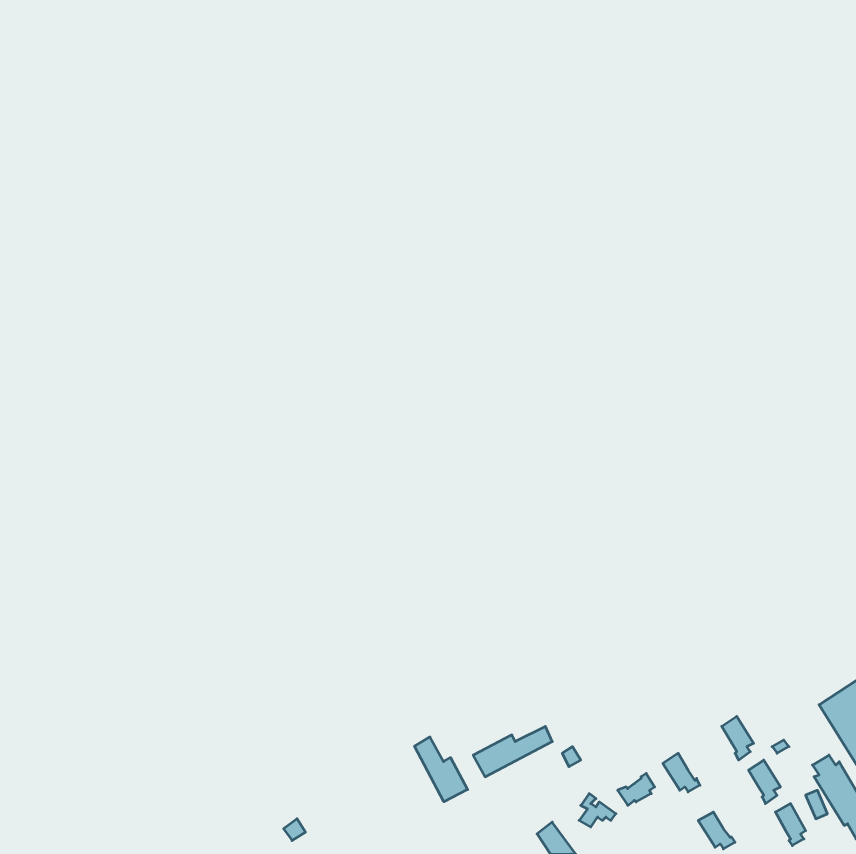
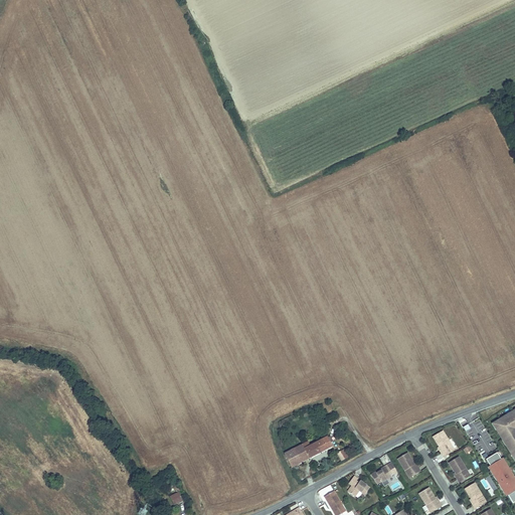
building: [415,737,468,802] -> none

